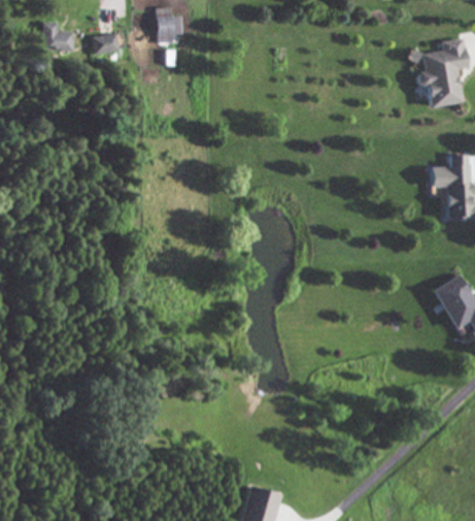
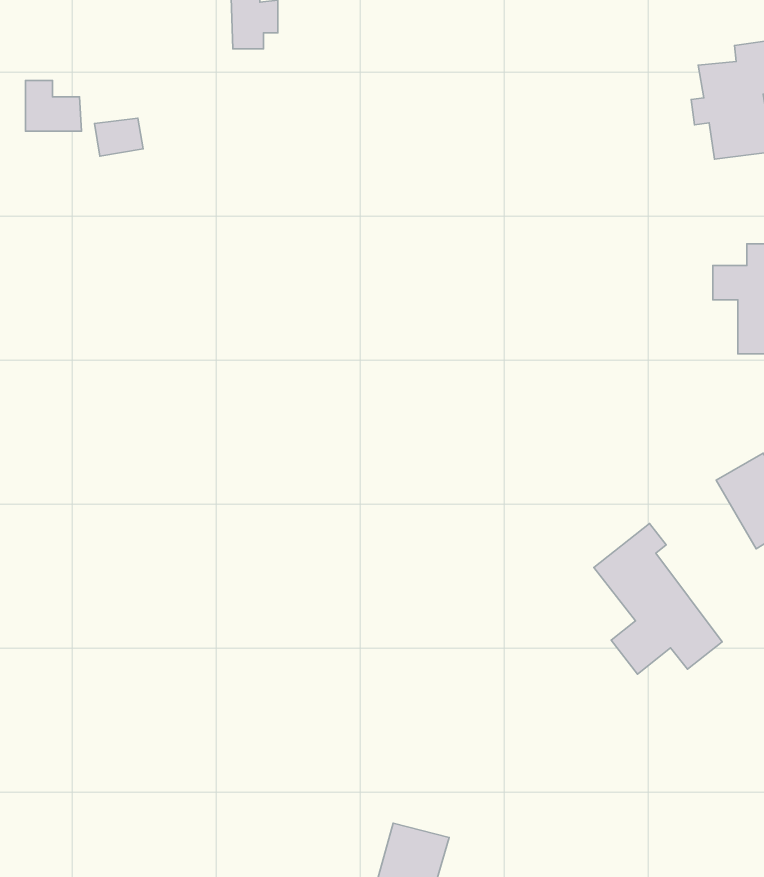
building: [41,23,73,52] -> [25,81,81,131]
building: [92,34,120,56] -> [95,118,143,156]
building: none -> [594,524,722,674]

